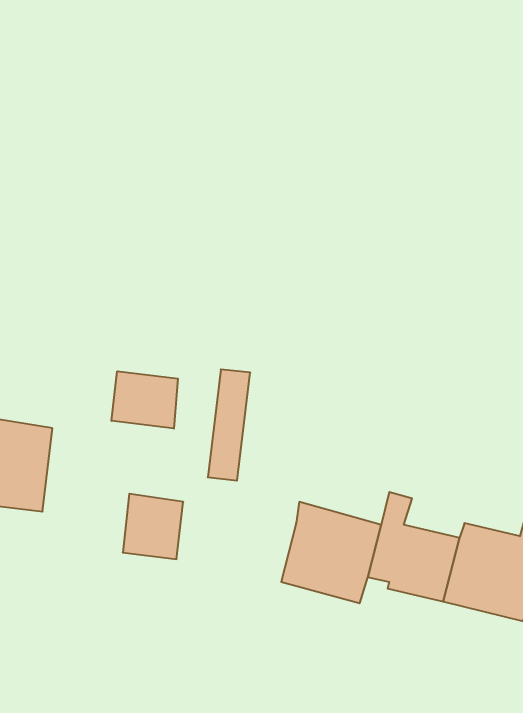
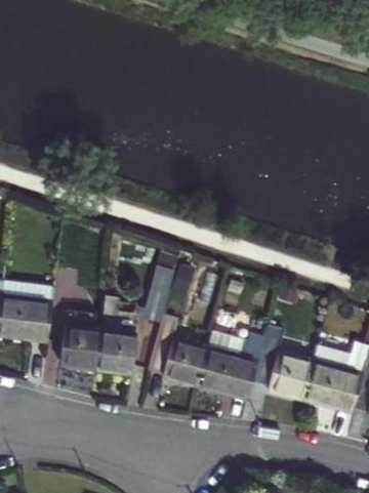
building: [112,371,178,429] -> none
building: none -> [58,325,100,367]
building: none -> [146,335,205,385]

